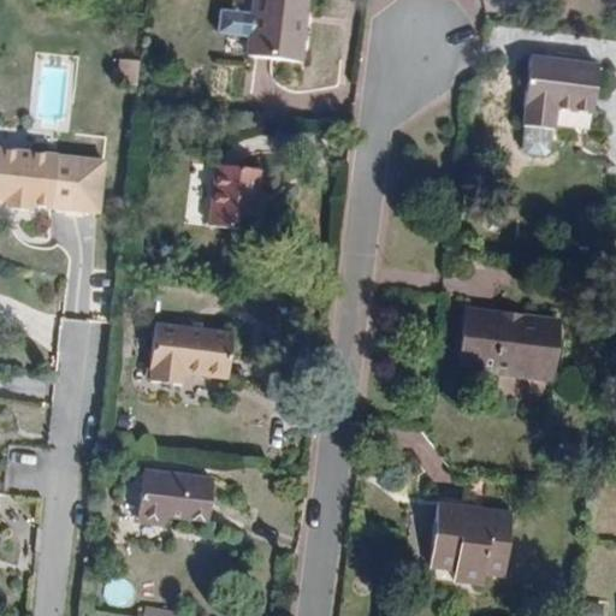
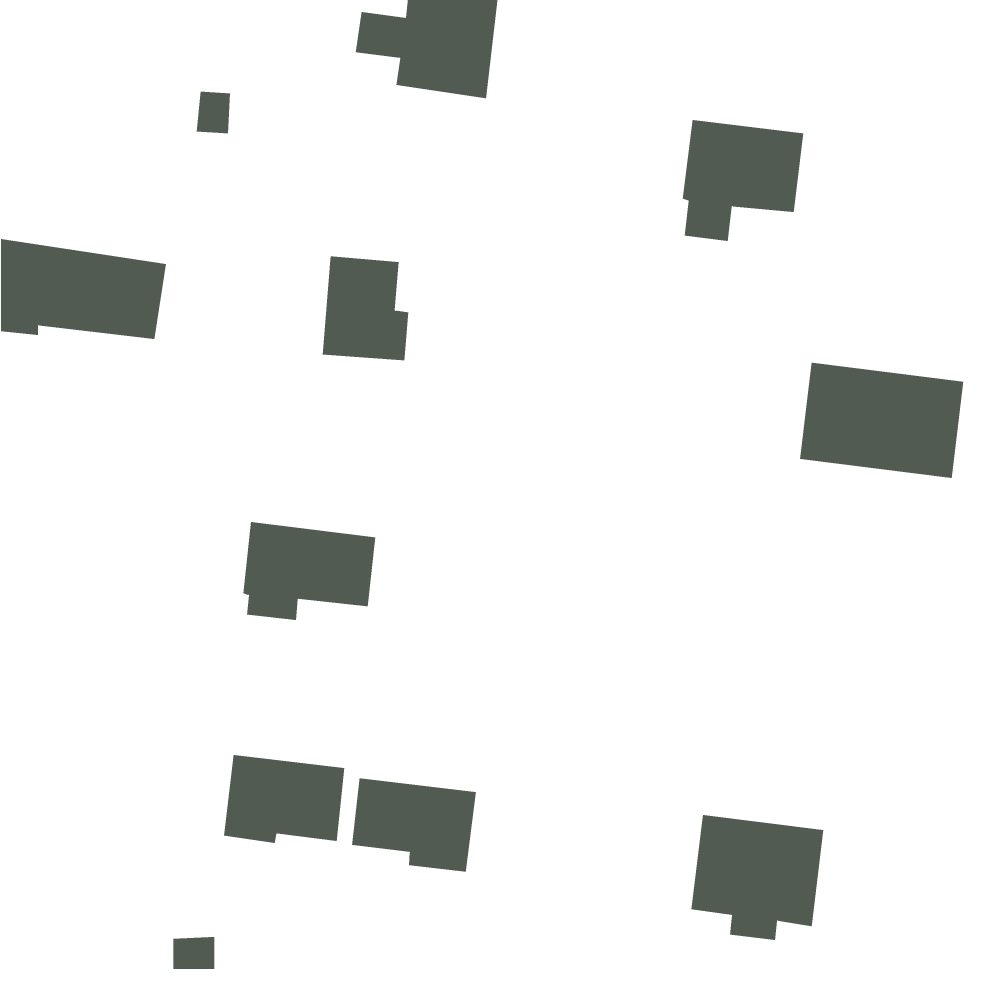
building: [522,53,598,129] -> [682,119,804,242]
building: [457,306,559,378] -> [799,362,964,479]
building: none -> [352,778,477,873]

